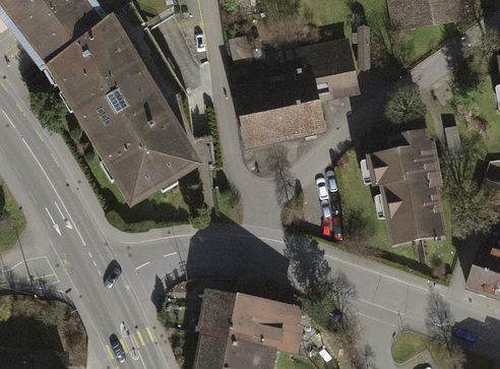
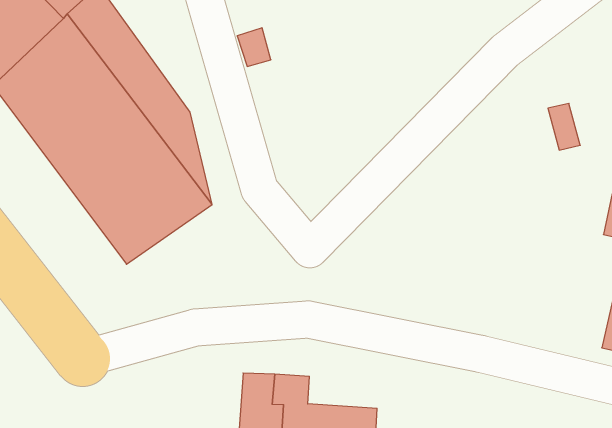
building: [234,41,355,145] -> none
building: [365,131,444,246] -> none

